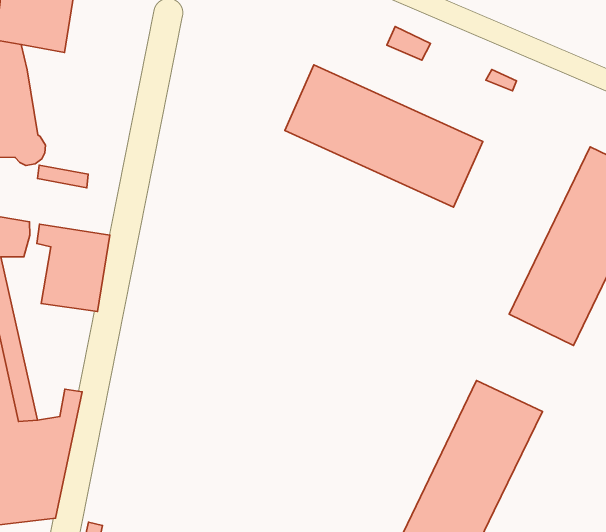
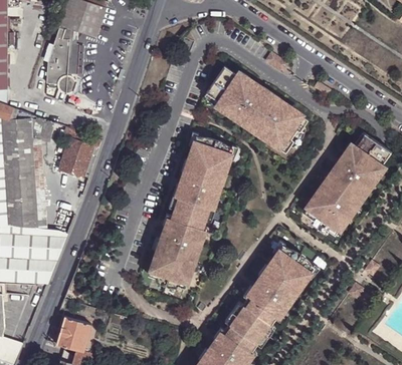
building: none -> [148,138,232,290]

